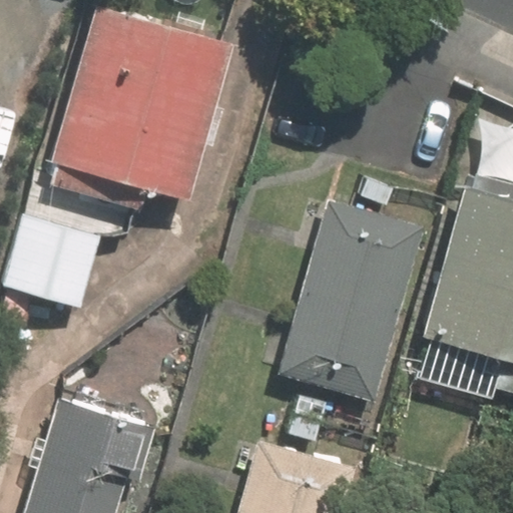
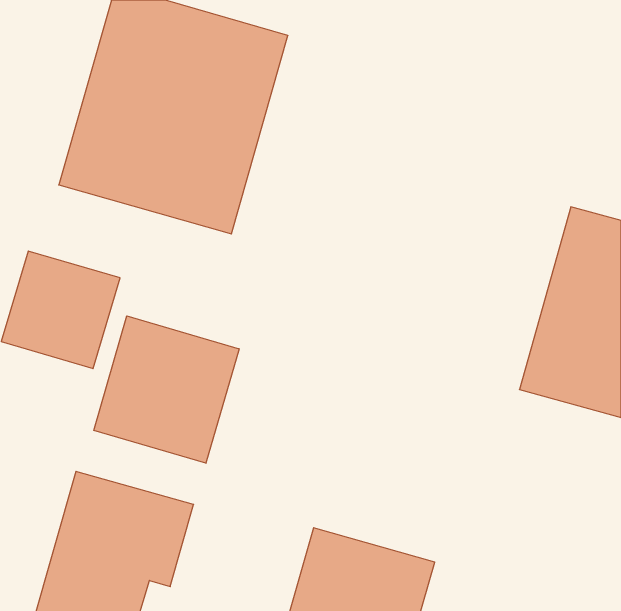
building: [277,199,426,402] -> none
building: none -> [94,316,239,463]

